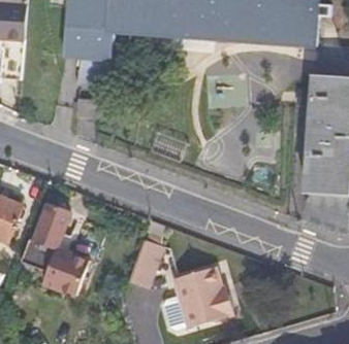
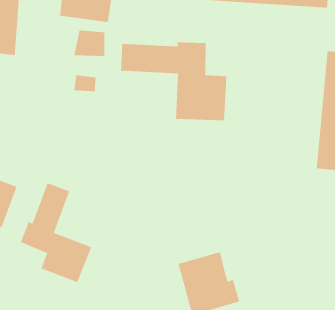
building: none -> [120,41,227,121]
building: [127,238,162,288] -> none

